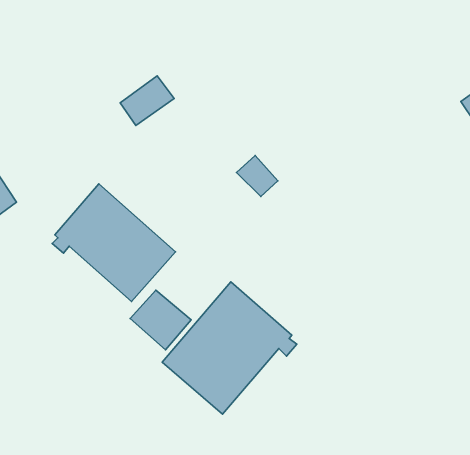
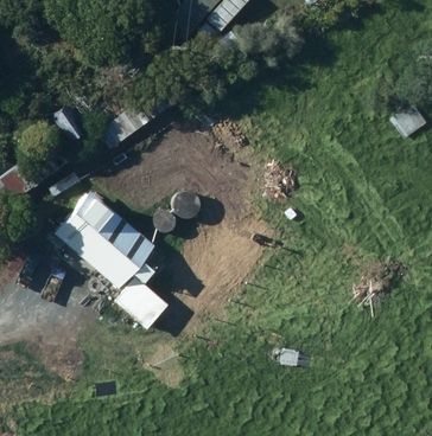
building: [162,282,297,414] -> none

